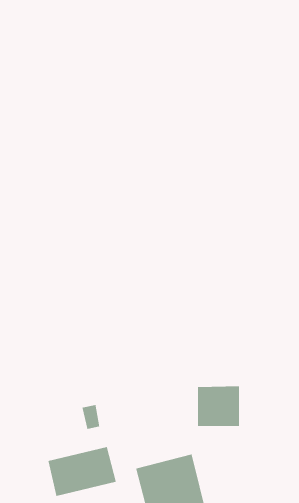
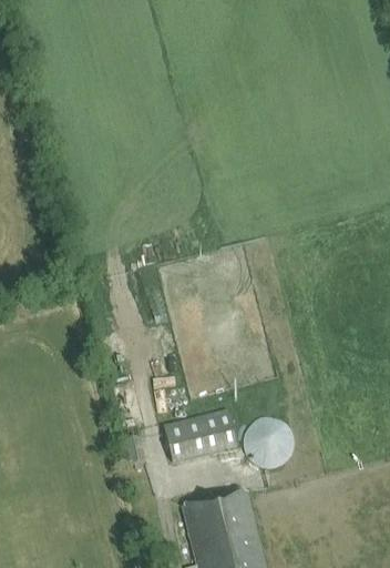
building: [47,446,117,497] -> [163,408,237,463]

